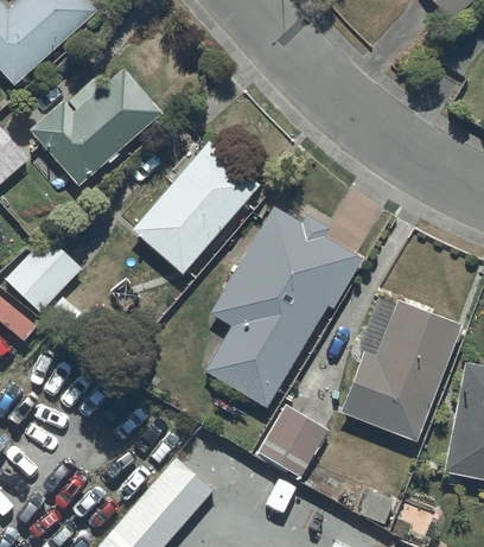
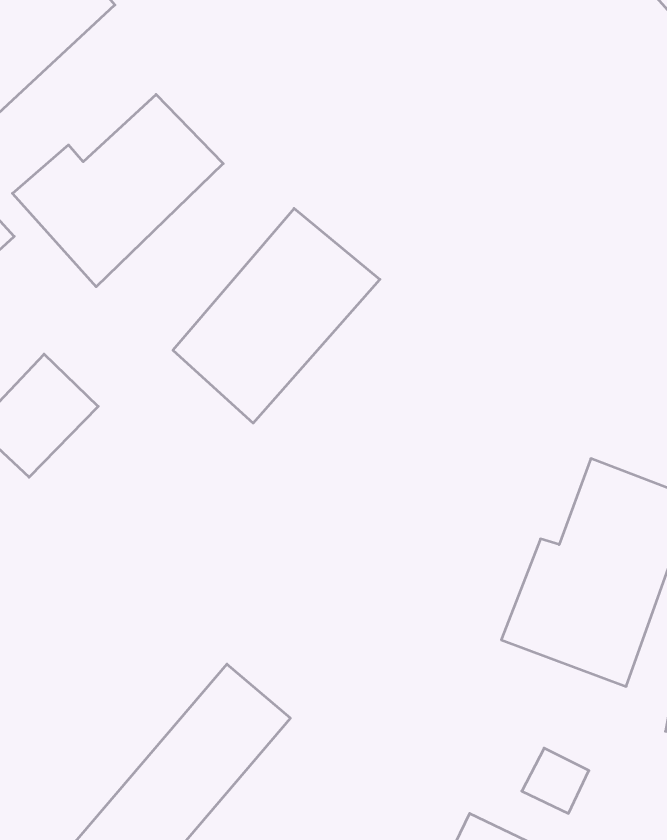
building: [205,205,363,409] -> none
building: [257,405,330,478] -> none

